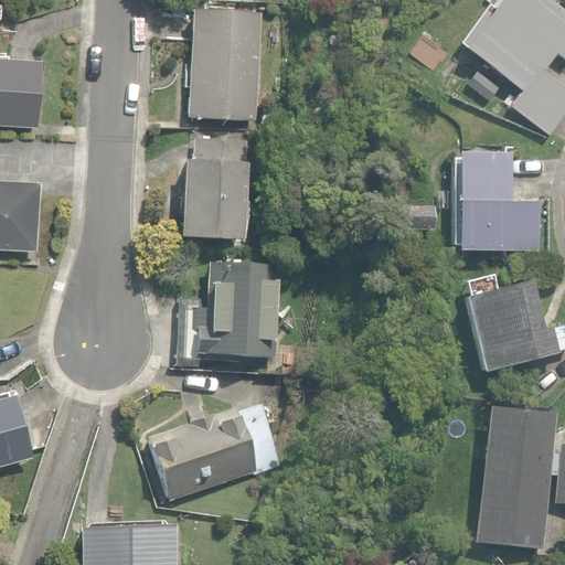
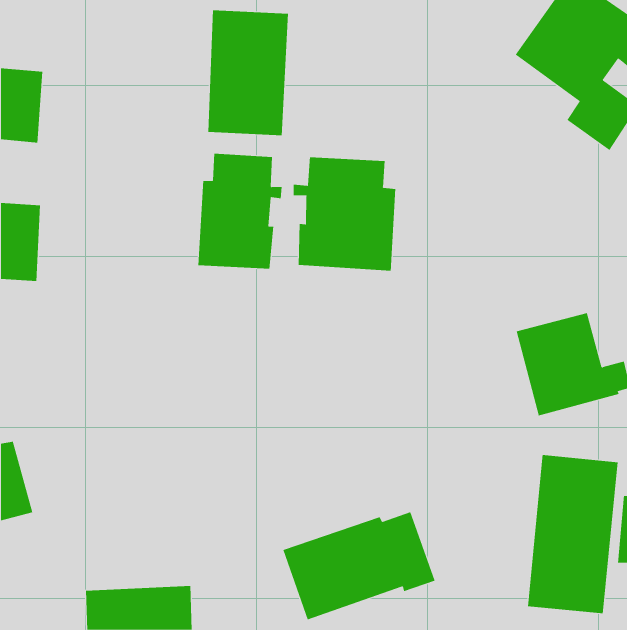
building: none -> [293,156,396,272]
building: [456,151,539,252] -> none
building: [179,263,279,366] -> none
building: [148,403,285,500] -> [283,512,436,620]

